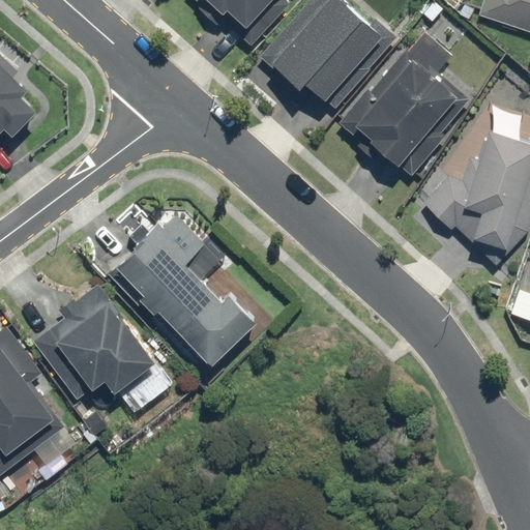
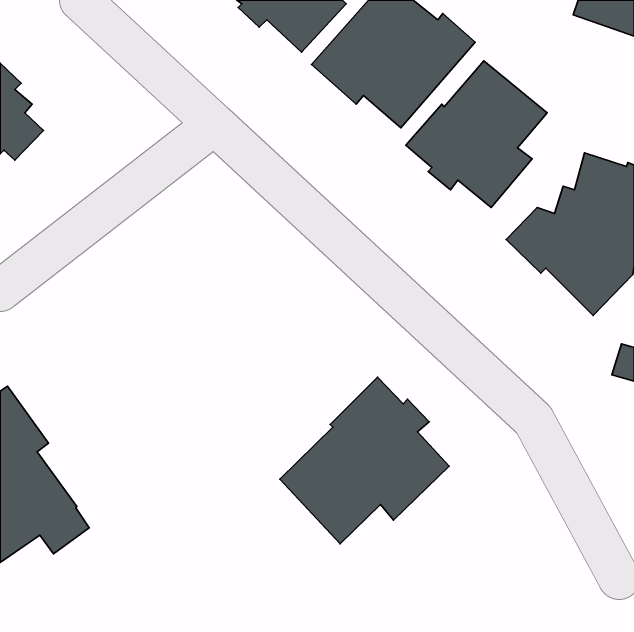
building: [107,212,253,361] -> none
building: [33,283,172,412] -> none
building: none -> [280,377,449,544]

